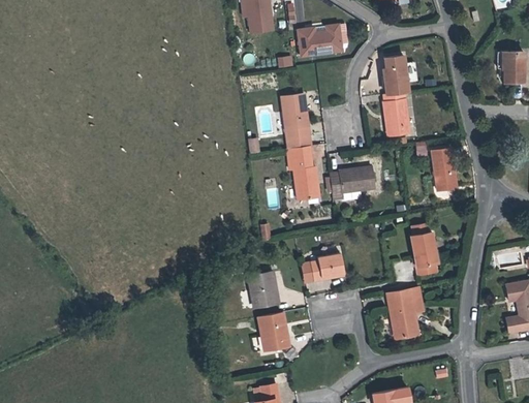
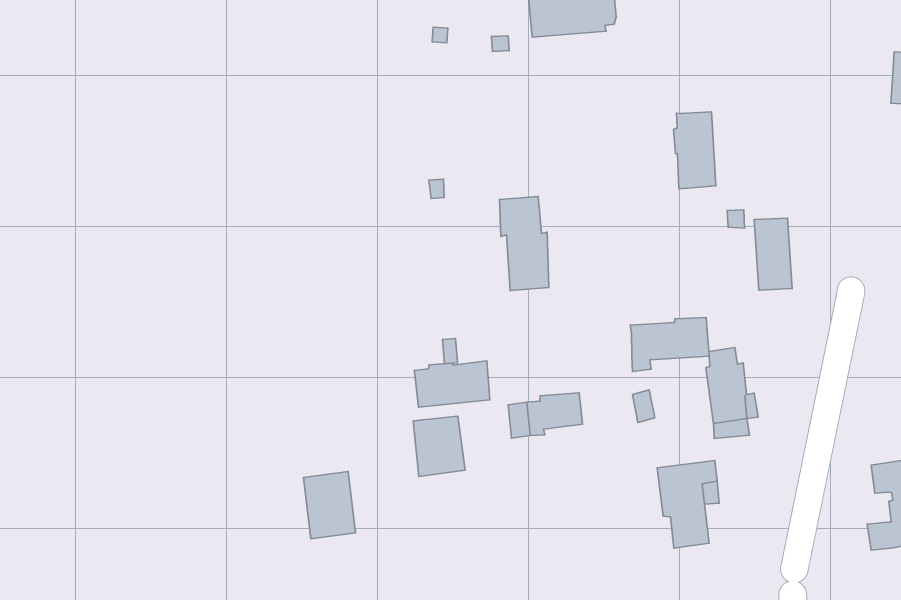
building: [383,56,408,94] -> none
building: [281,94,312,149] -> none
building: [330,166,375,199] -> [630,317,709,372]
building: none -> [414,361,490,407]
building: [258,312,289,351] -> [304,471,355,539]

